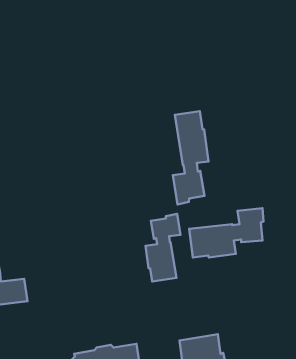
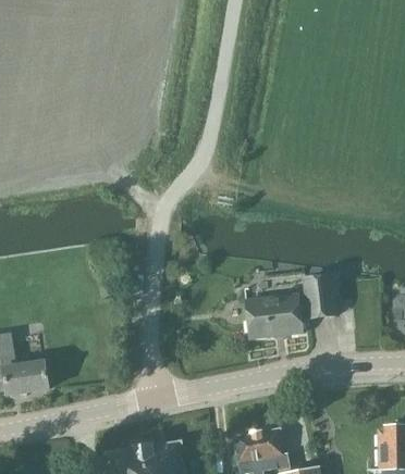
building: [173,111,209,204] -> none
building: [146,214,180,281] -> none

